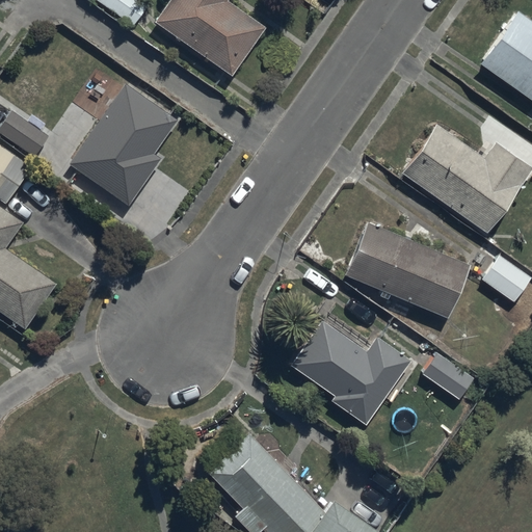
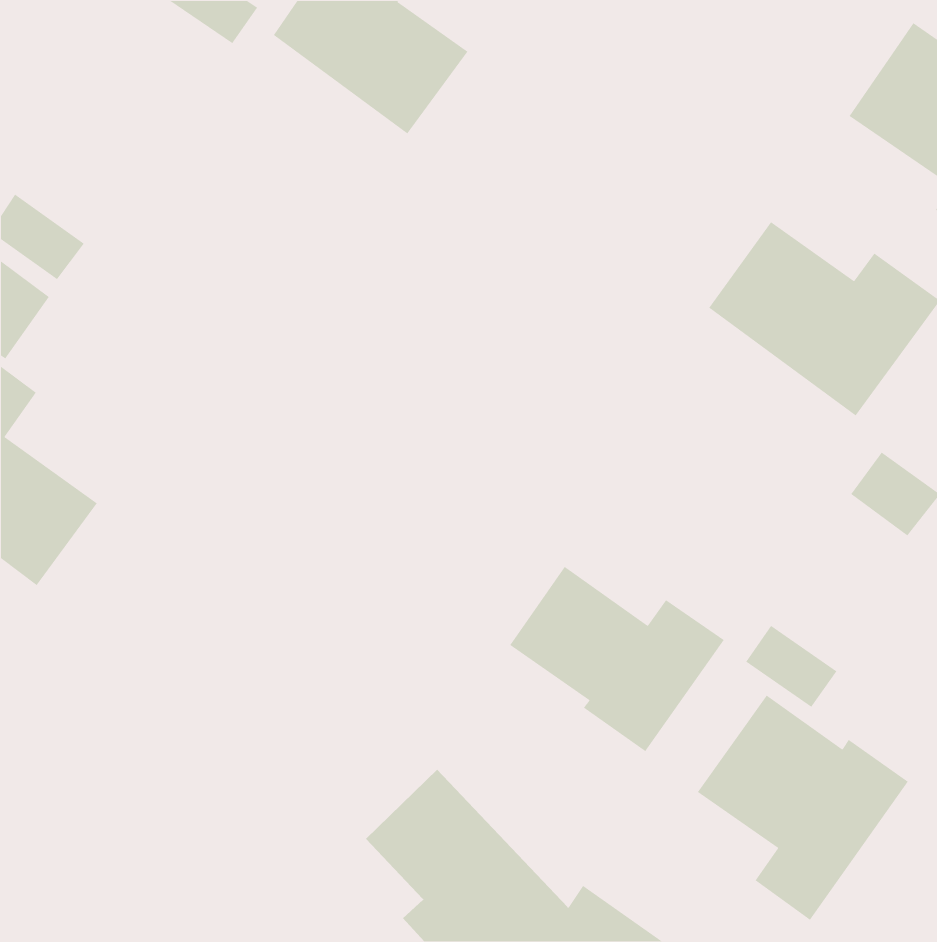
building: [64,84,168,214] -> none
building: [345,222,470,317] -> none
building: none -> [697,694,909,921]

